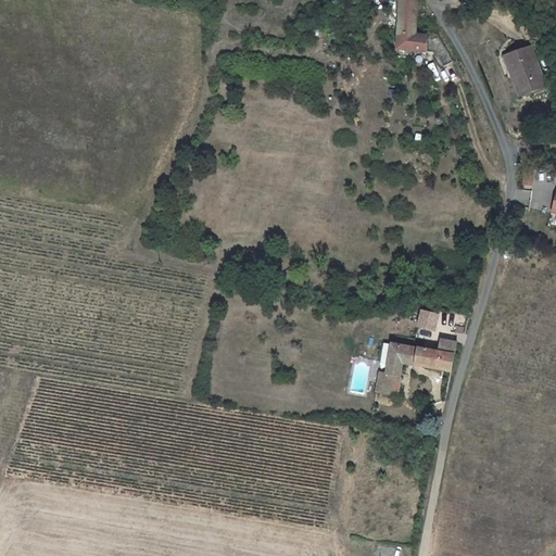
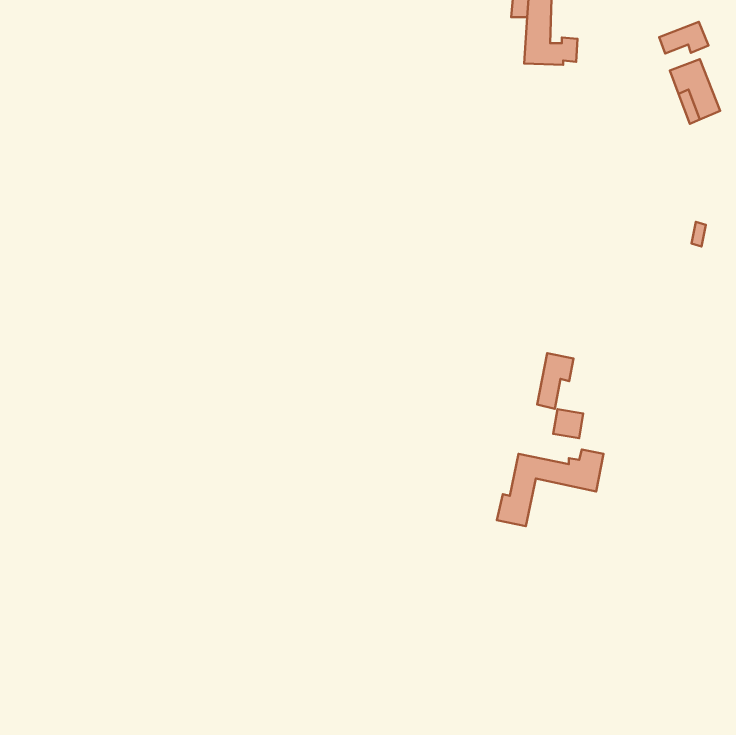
building: none -> [659,22,708,54]
building: none -> [537,353,574,409]

